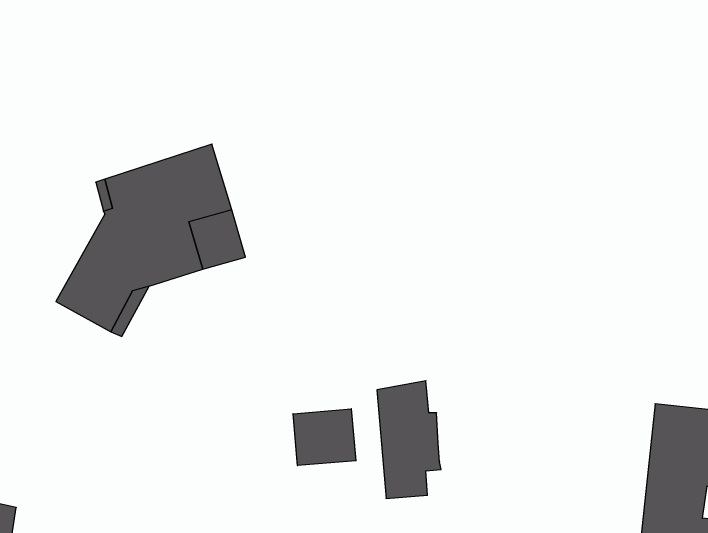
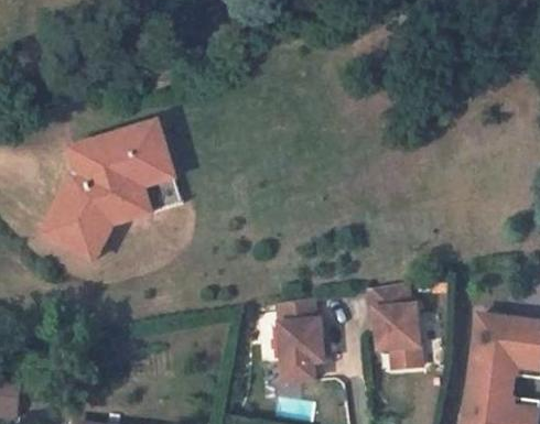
building: none -> [367,280,420,367]
building: [293,409,356,466] -> none

